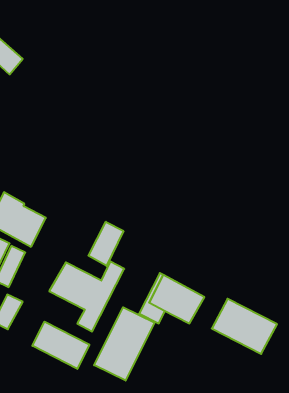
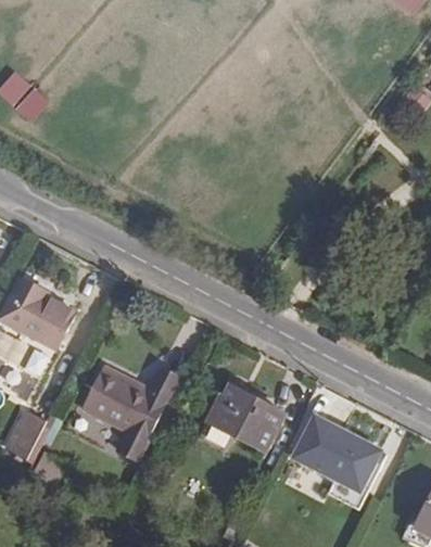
building: [88,222,123,266] -> none
building: [94,307,155,381] -> none
building: [32,322,89,369] -> none

